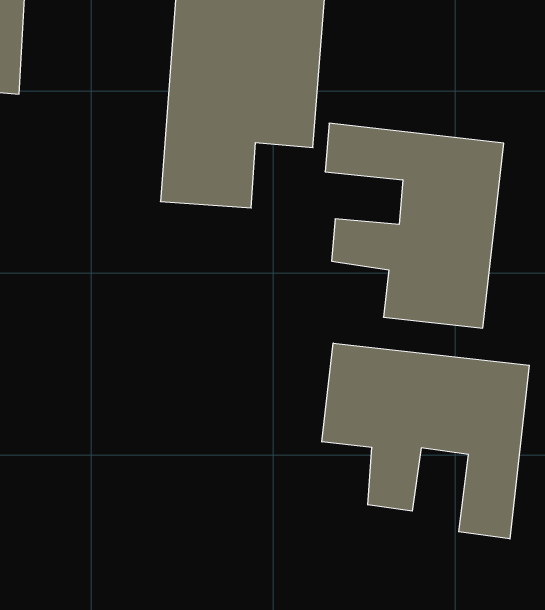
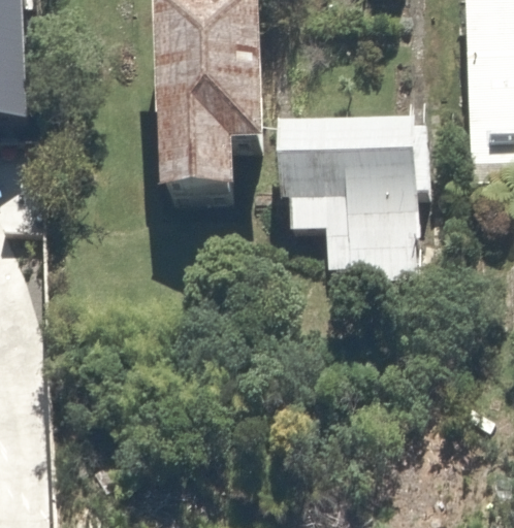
building: [322,343,529,539] -> none

